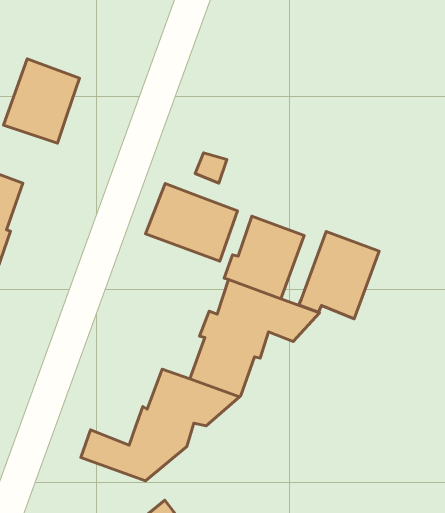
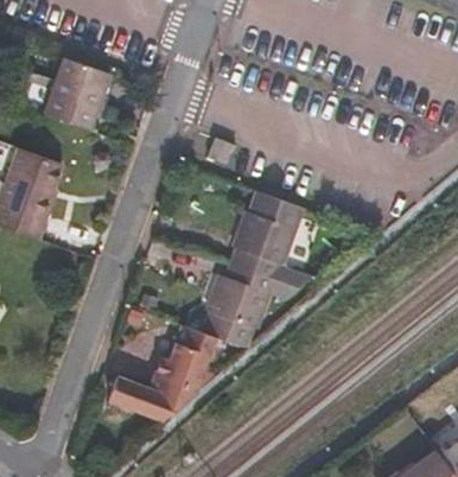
building: [145,183,238,261] -> none
building: [299,232,379,319] -> none

